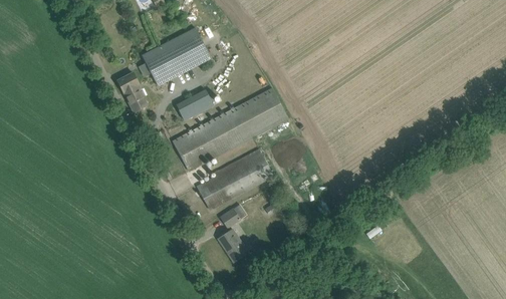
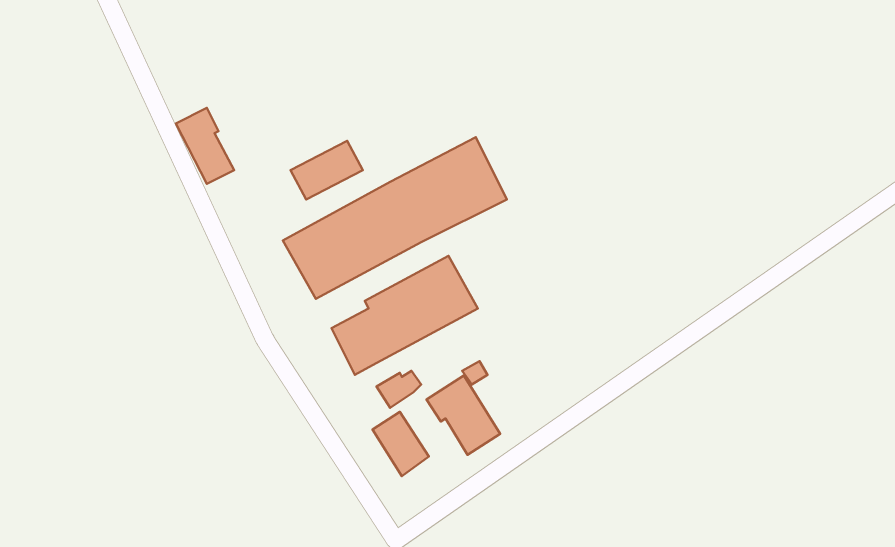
building: [142,27,212,85] -> none
building: none -> [426,375,500,455]

